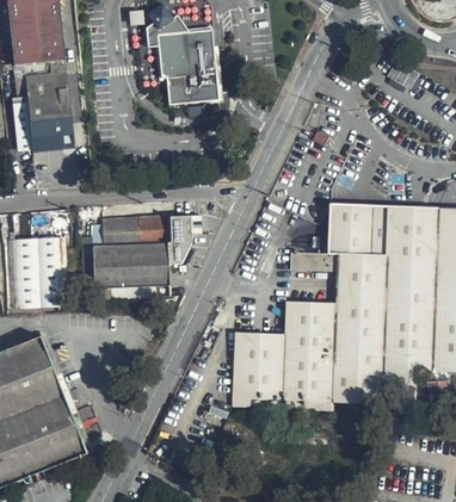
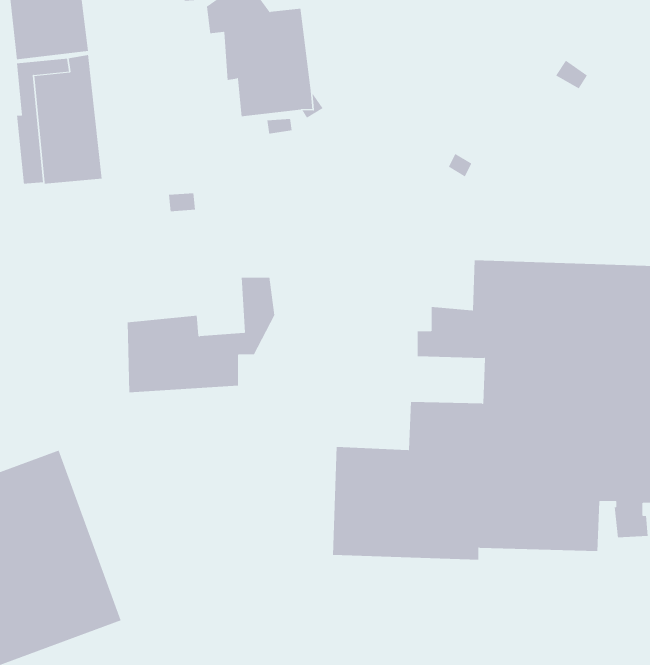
building: [101,215,171,255] -> none
building: [10,240,67,310] -> none

